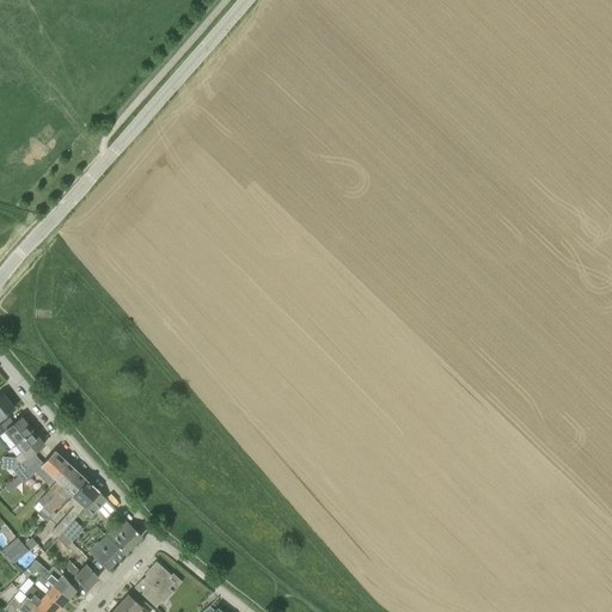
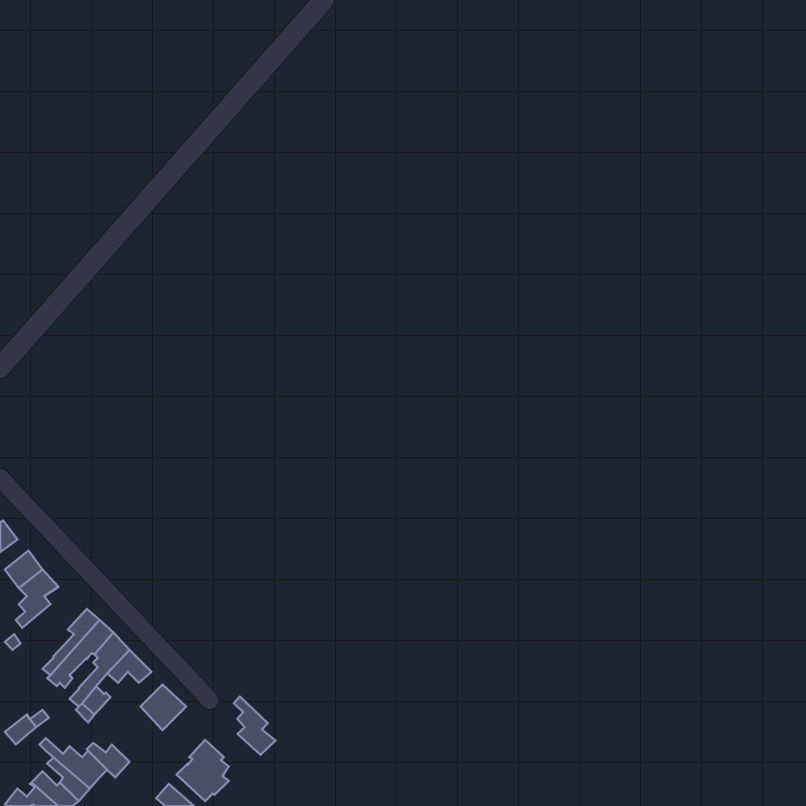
building: [13,451,66,486] -> none
building: none -> [234,697,276,755]
building: [88,536,123,569] -> none

